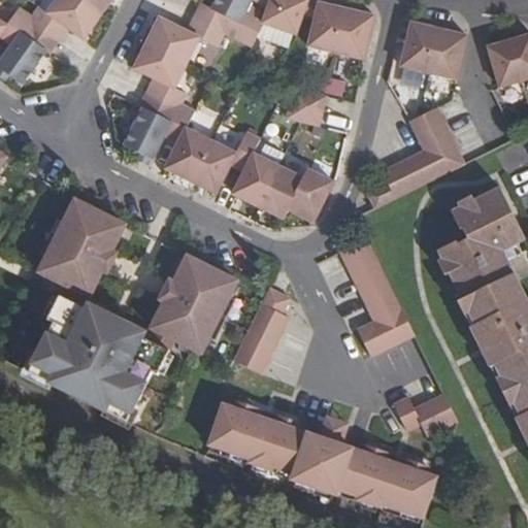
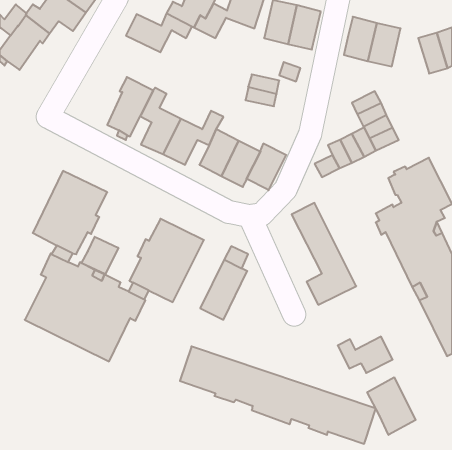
building: [134,41,187,105] -> none
building: none -> [82,237,118,274]
building: none -> [367,377,416,435]

